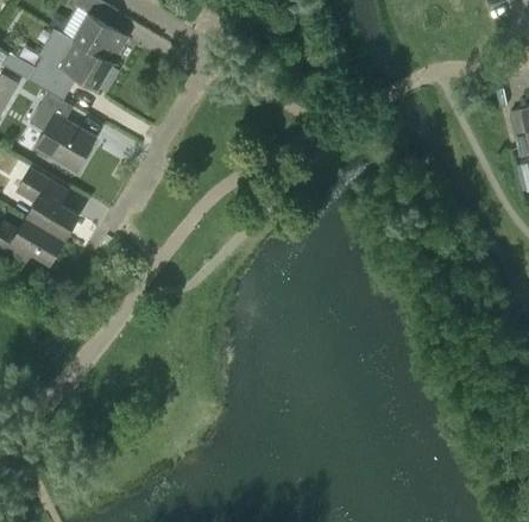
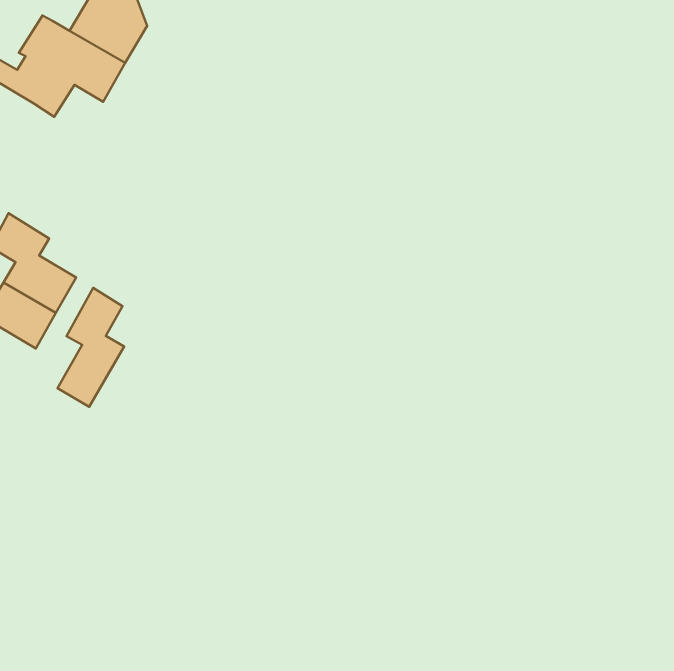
building: [29,92,94,170] -> none
building: none -> [57,288,124,407]

